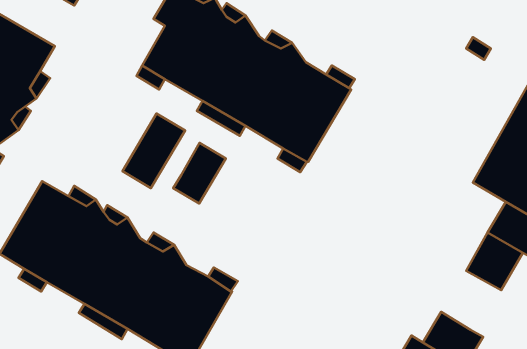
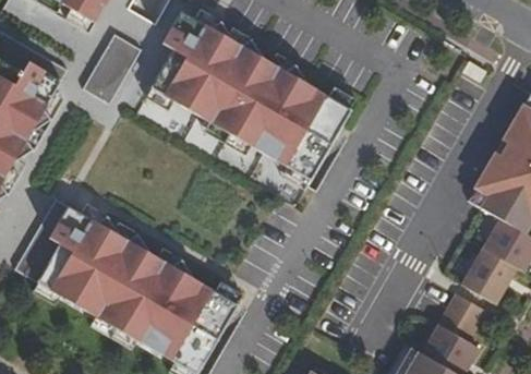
building: [123,113,185,188] -> [82,34,142,106]
building: [173,143,226,204] -> none
building: none -> [438,294,485,342]

